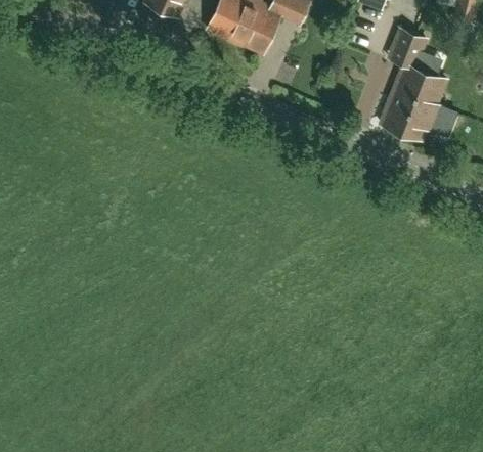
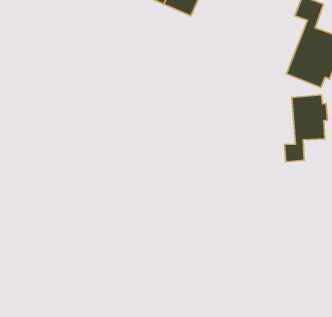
building: none -> [285,95,327,162]

